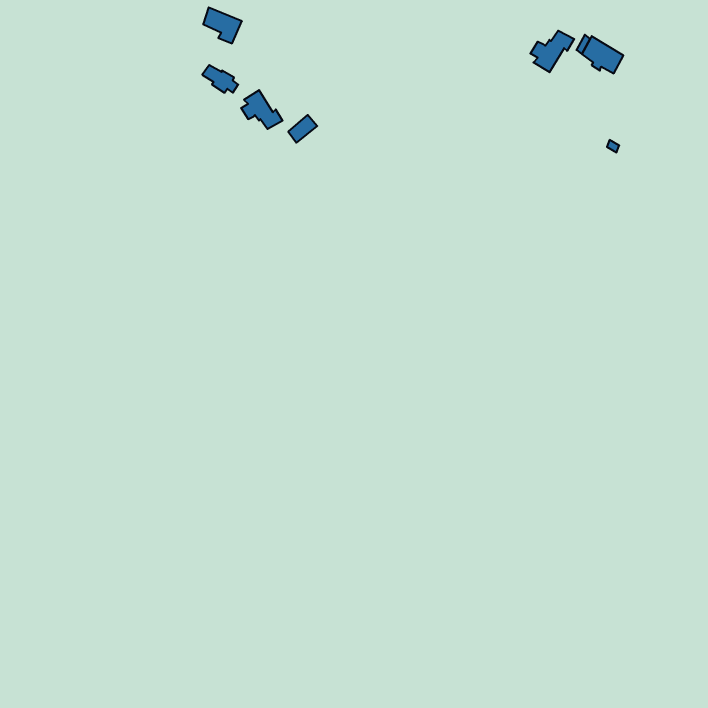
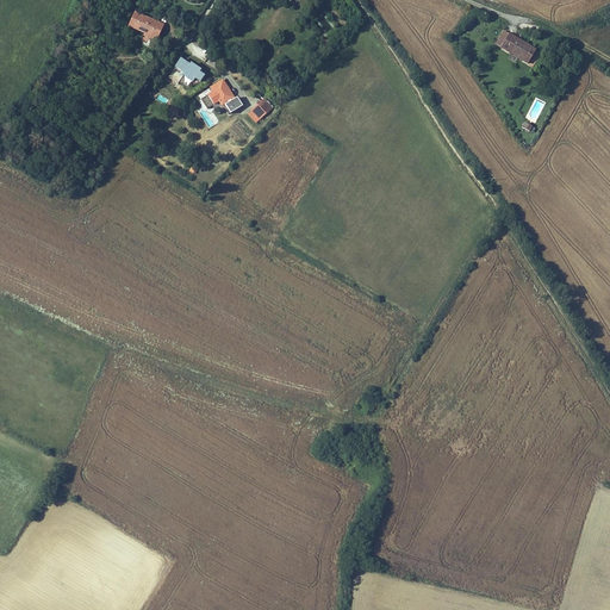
building: [203,7,242,43] -> [129,11,162,42]
building: [530,31,574,72] -> none

